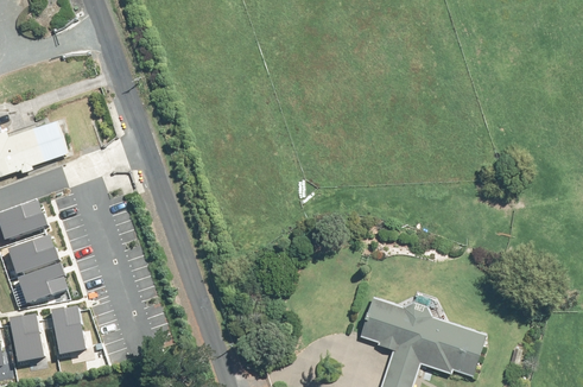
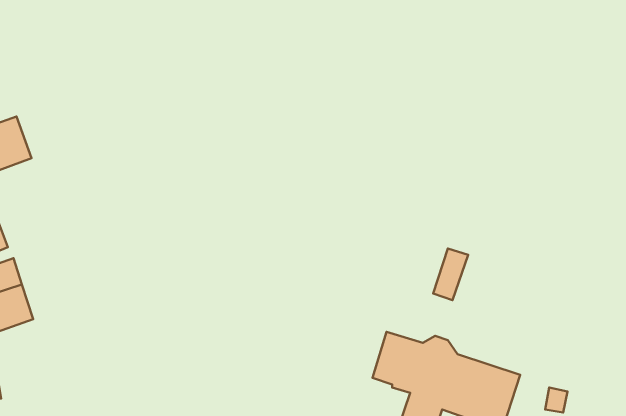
building: none -> [433,248,468,300]
building: [50,309,87,354] -> none

